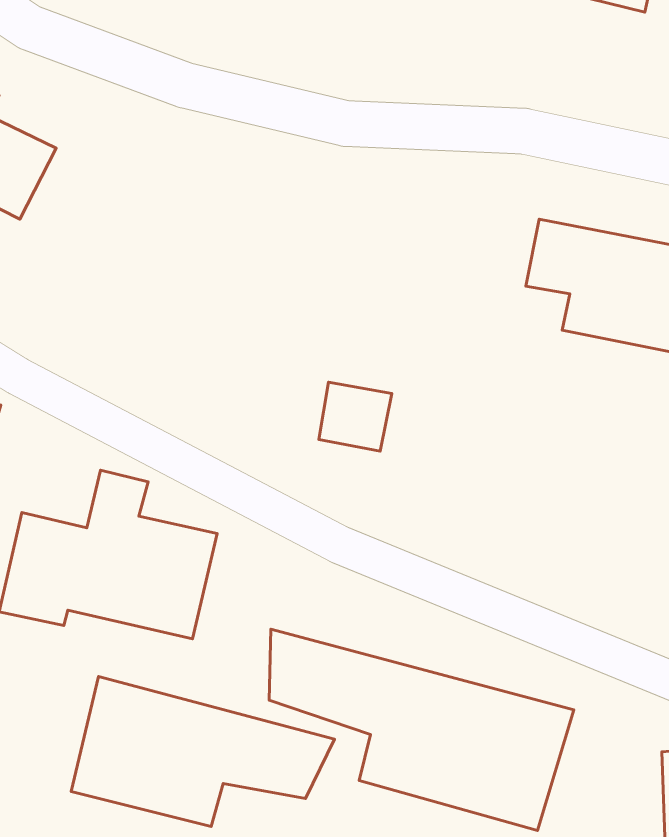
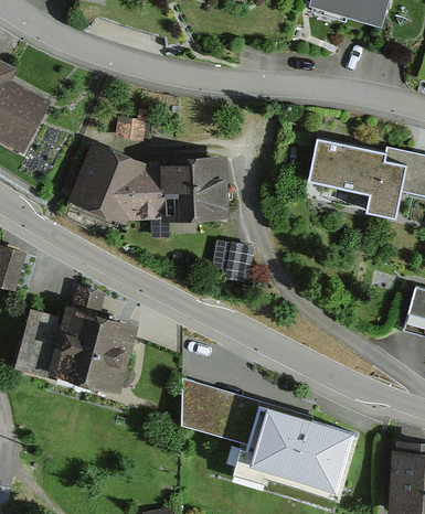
building: none -> [79,148,231,223]
building: [71,677,335,826] -> none

